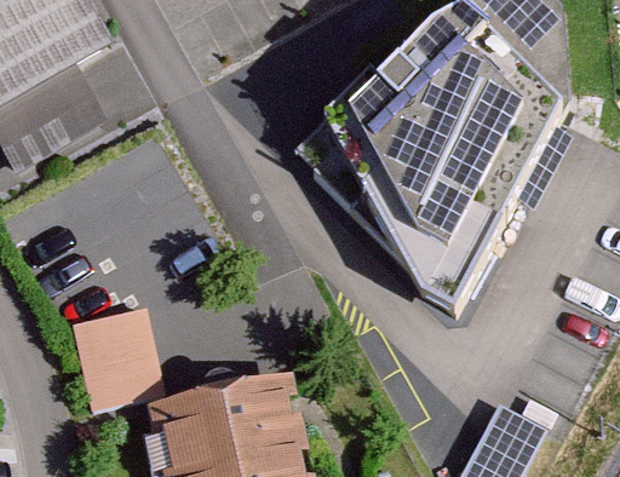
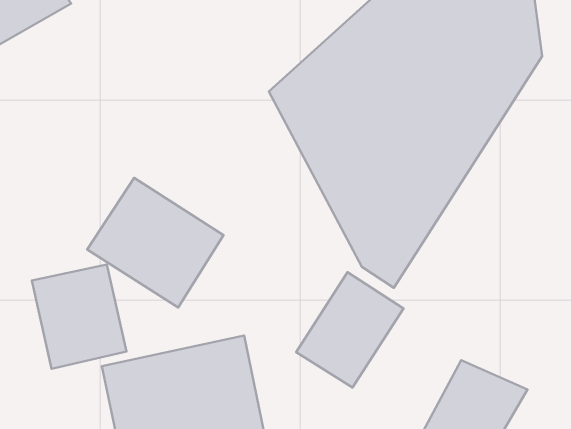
building: none -> [87,178,224,308]
building: none -> [296,272,403,387]

